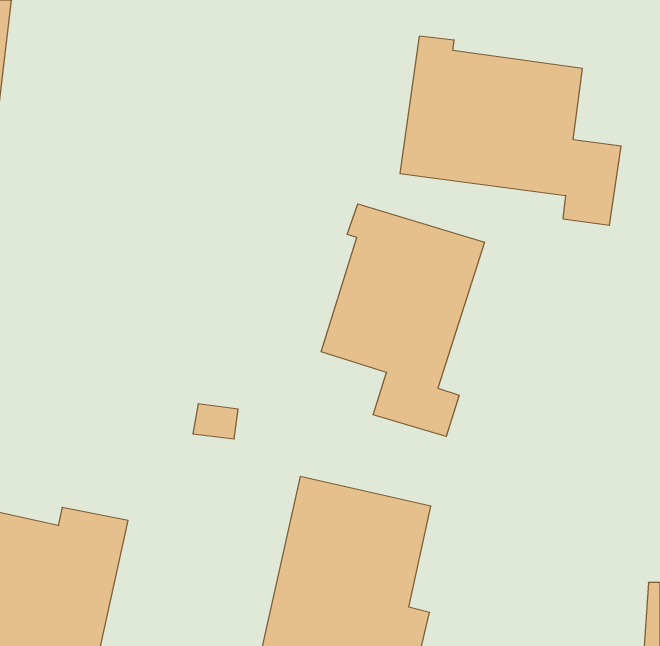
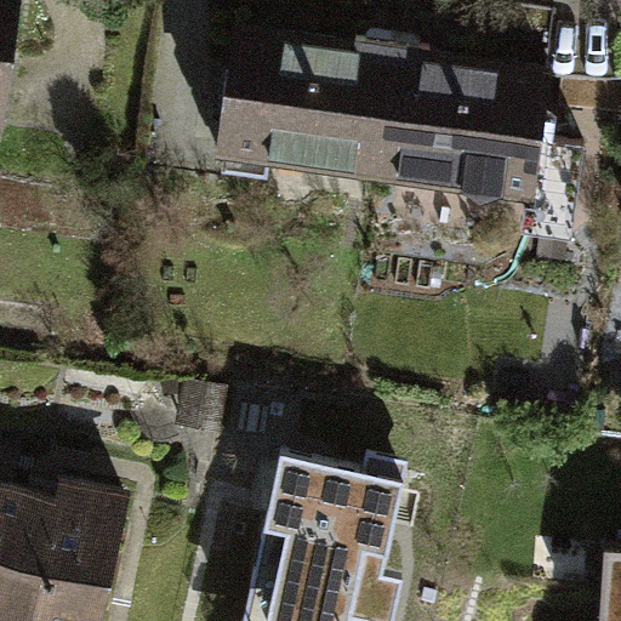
building: none -> [222,35,393,177]
building: [321,204,484,436] -> none

